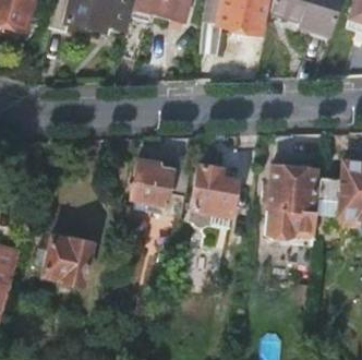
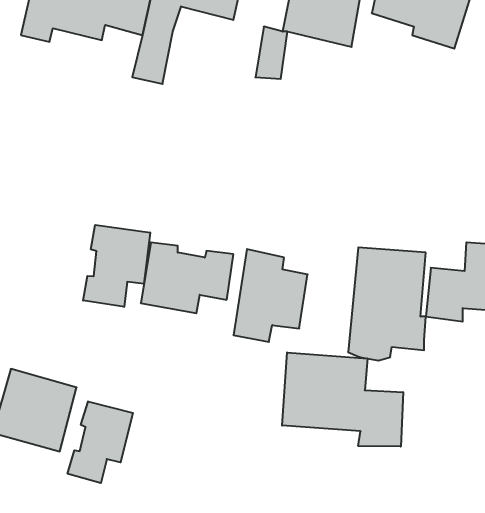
building: none -> [83,225,150,307]
building: none -> [282,352,403,447]
building: none -> [68,401,133,483]

